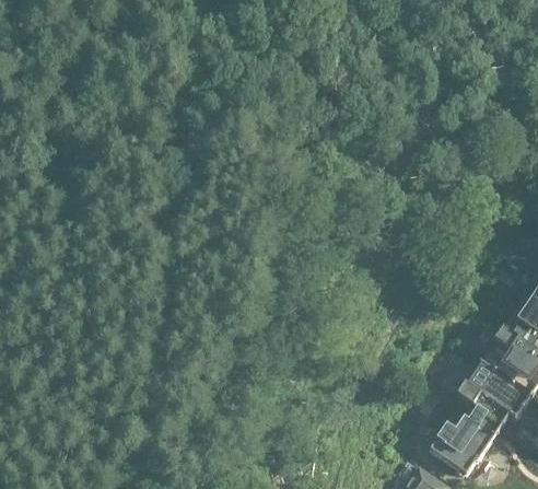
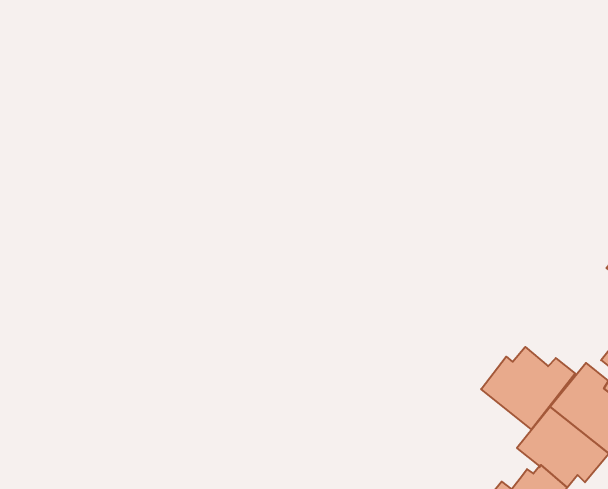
building: none -> [481,347,575,430]

